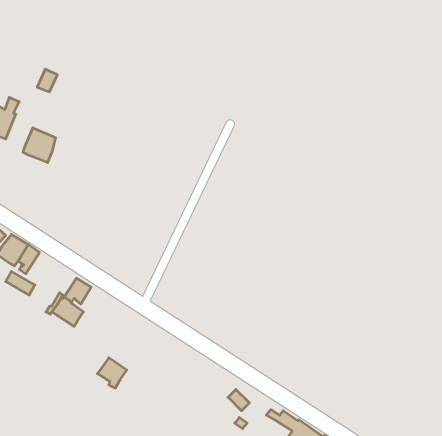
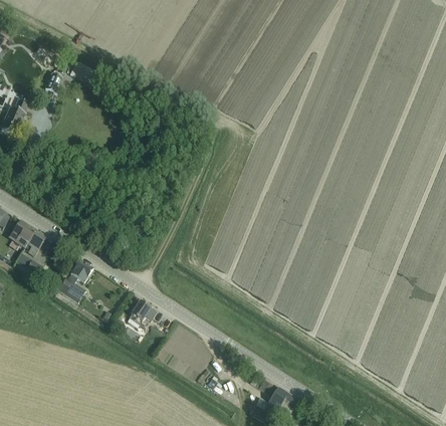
building: [23,128,56,163] -> none
building: [97,358,127,388] -> [130,300,156,328]

